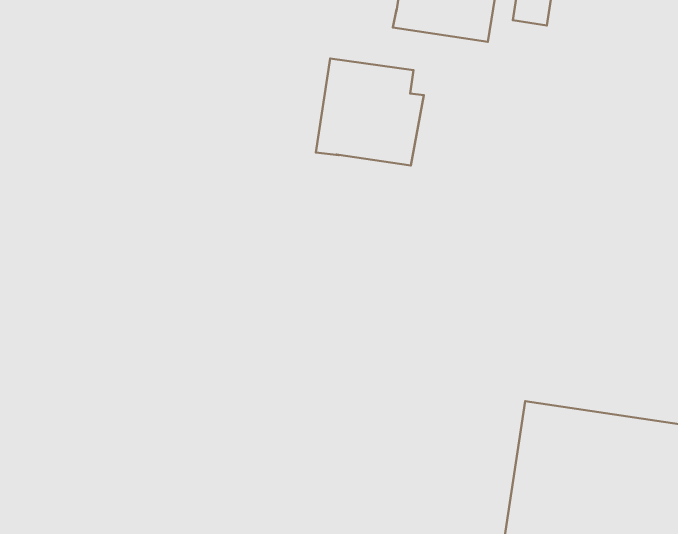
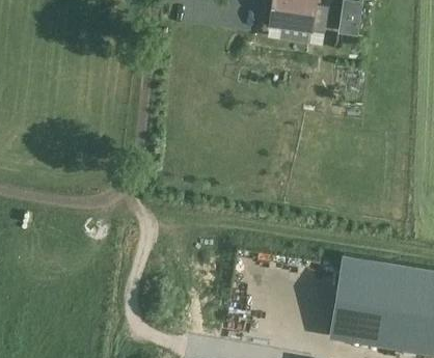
building: [316,58,424,166] -> none

